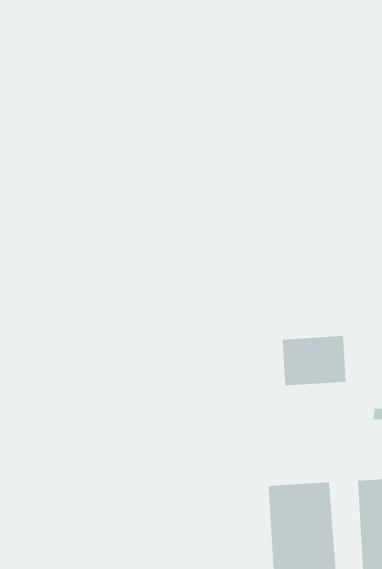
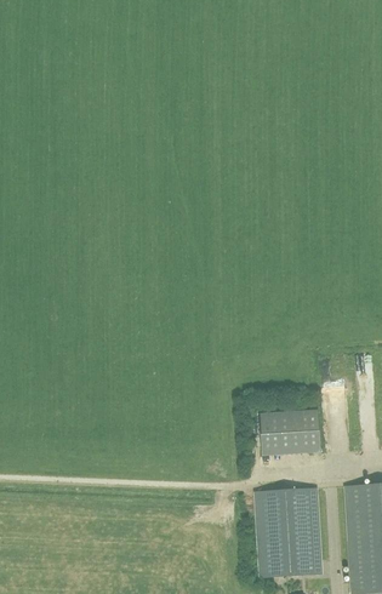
building: [282,336,346,386] -> [260,409,320,456]

